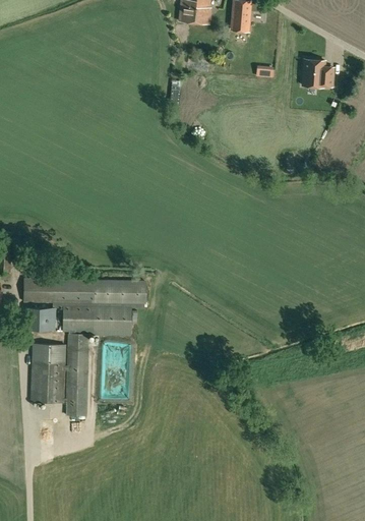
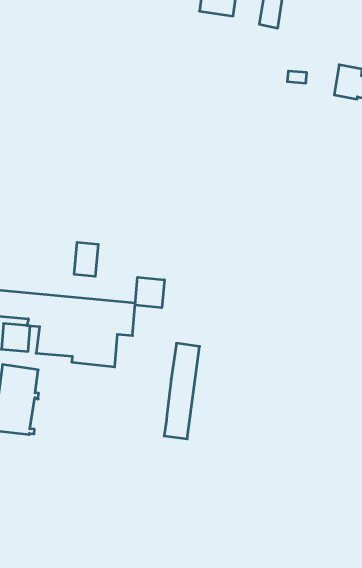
building: none -> [74,242,98,276]
building: none -> [135,277,164,308]
building: [65,334,89,416] -> [164,343,200,439]

